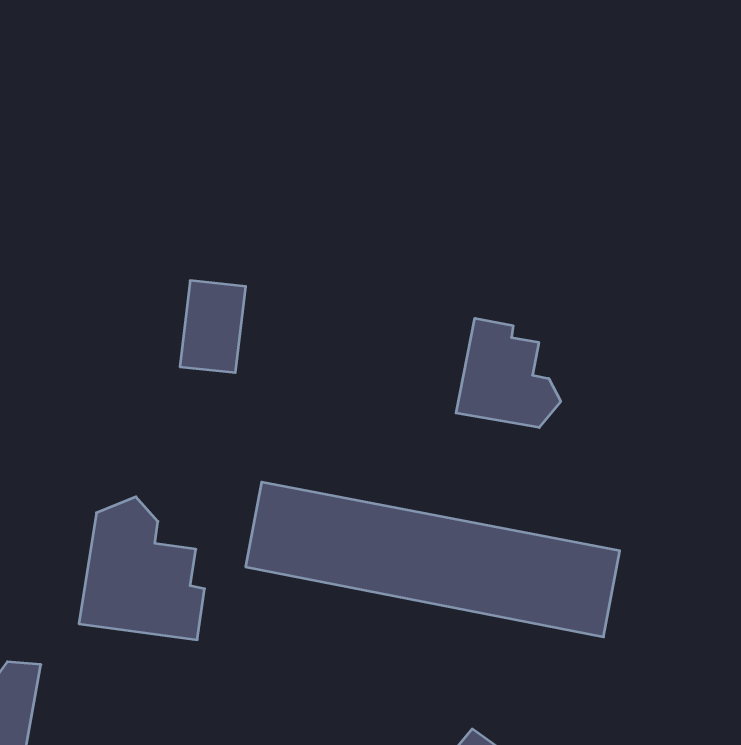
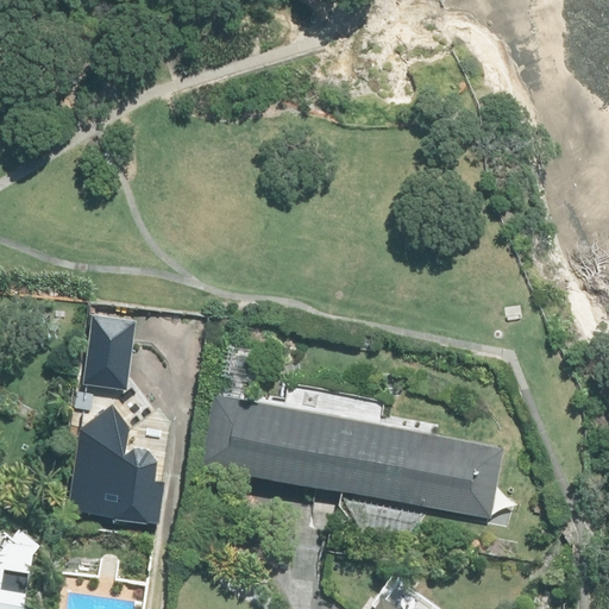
building: [180,281,246,373] -> [83,313,137,388]
building: [456,318,561,428] -> none

